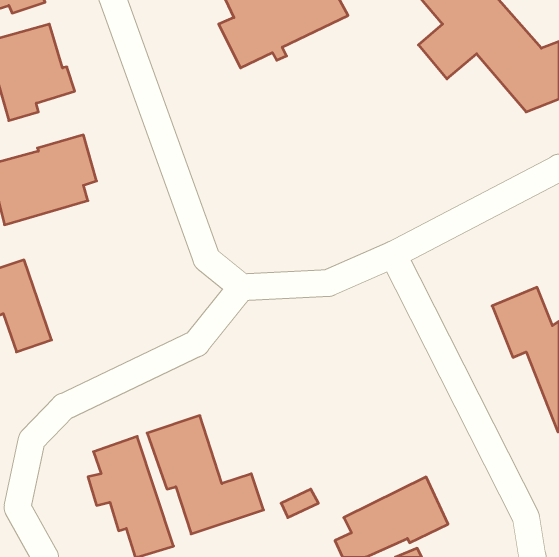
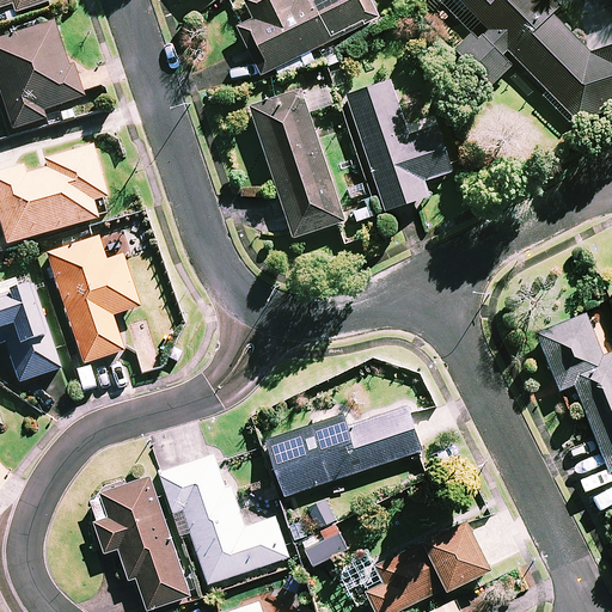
building: none -> [341,78,446,207]
building: none -> [251,82,344,237]
building: none -> [45,239,139,366]
building: none -> [267,405,422,495]

